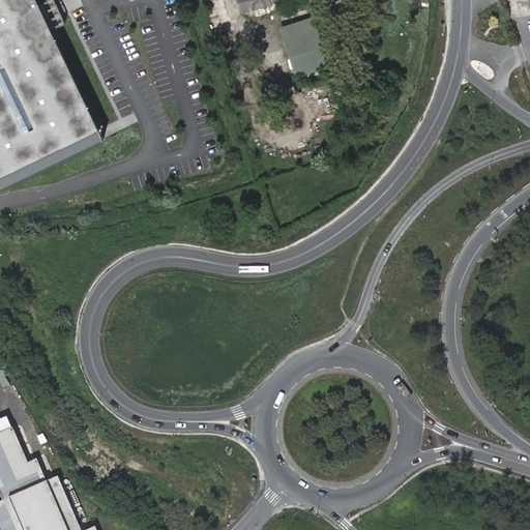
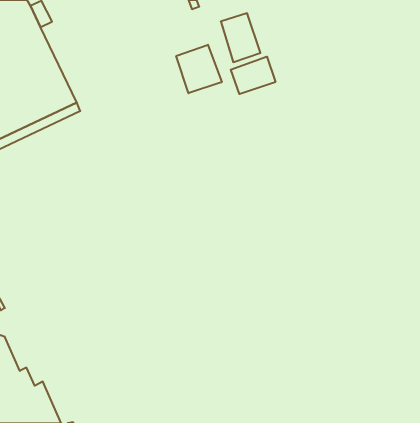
building: none -> [176,45,222,93]
building: none -> [231,57,275,94]

